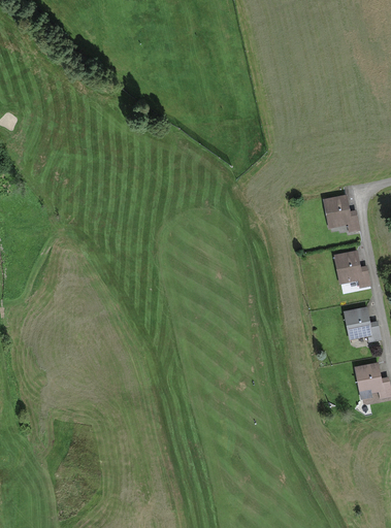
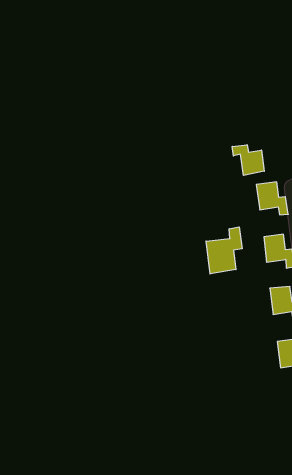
building: none -> [232,145,264,175]
building: none -> [206,227,242,274]

